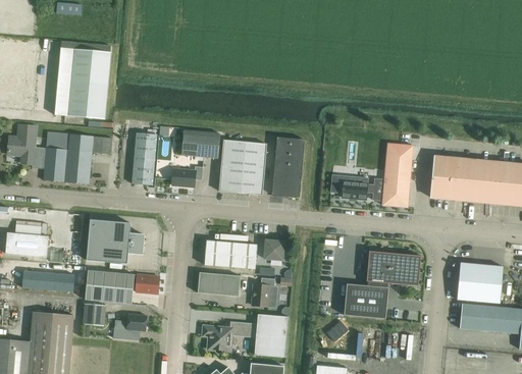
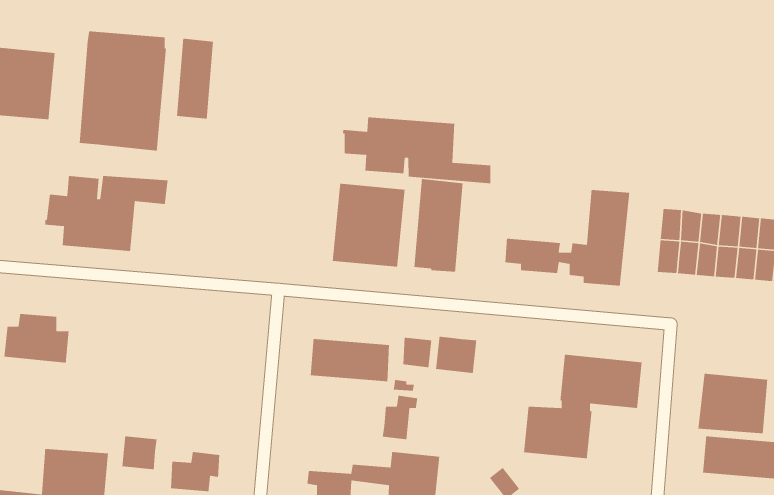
building: none -> [342,117,491,184]
building: [8,123,38,163] -> none
building: [180,130,219,158] -> none
building: [132,132,156,185] -> [176,38,214,120]
building: [171,166,202,186] -> none
building: [86,219,144,263] -> none
building: none -> [435,336,477,374]
building: [85,270,159,304] -> none
building: [21,271,73,291] -> none
building: [197,272,240,297] -> none

